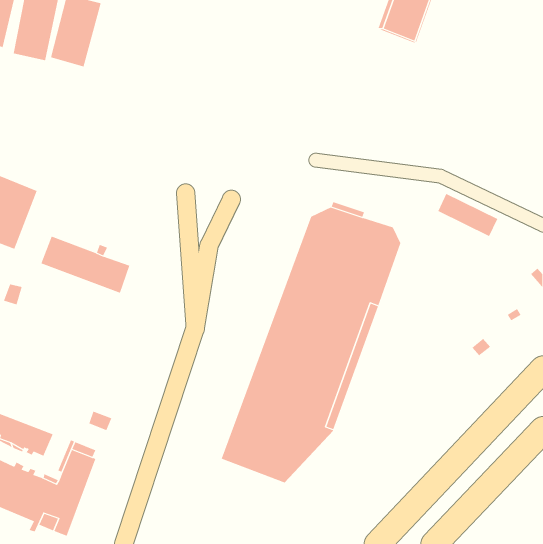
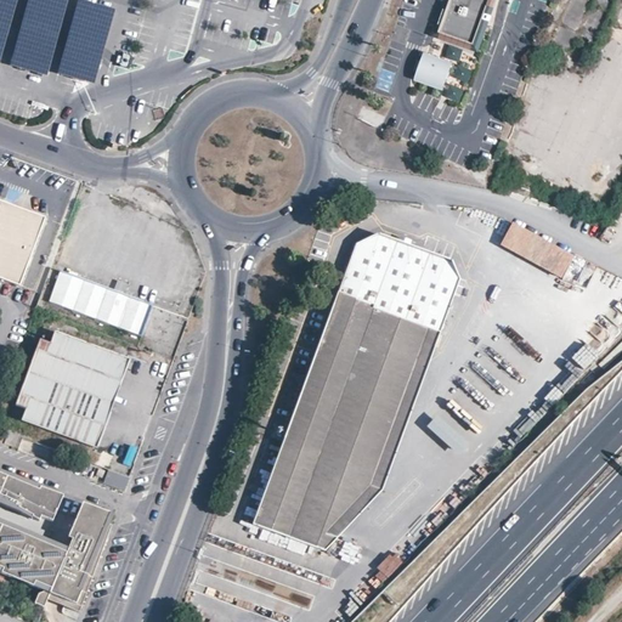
building: none -> [413,52,448,87]
building: none -> [13,330,126,447]

